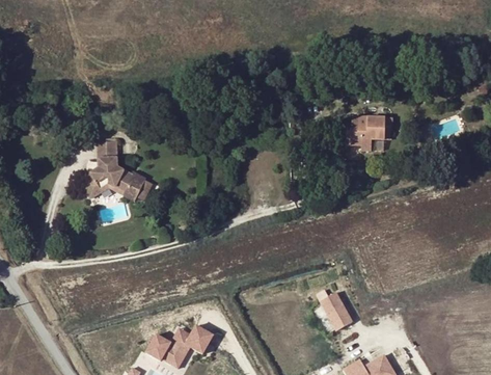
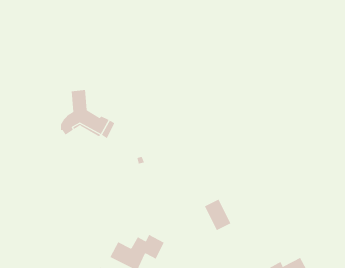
building: [346,117,391,151] -> none
building: [320,290,354,330] -> [204,199,231,231]

